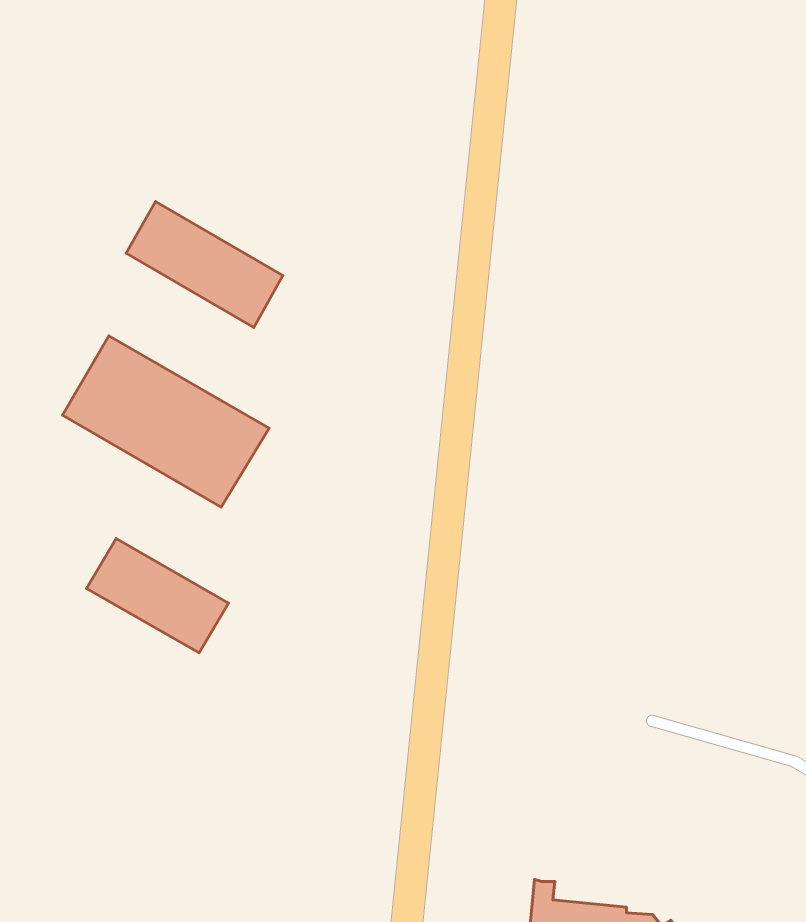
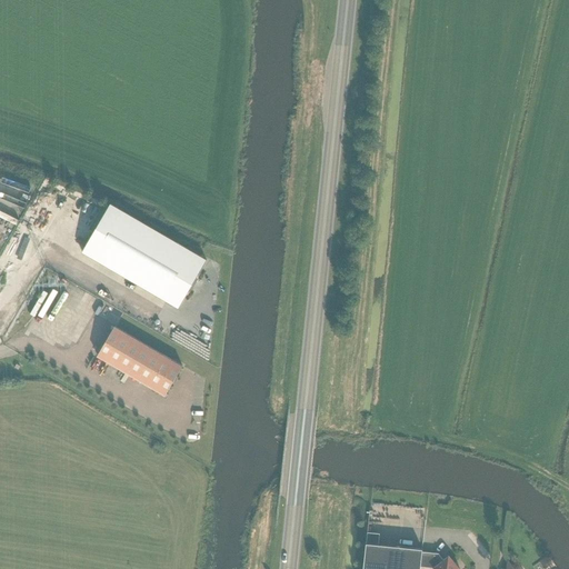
building: [126,201,283,327] -> none

